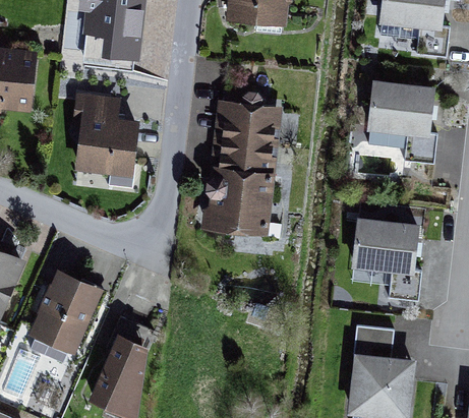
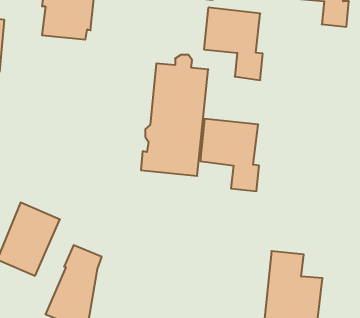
building: [367,80,437,167] -> [204,8,263,80]
building: [72,94,139,177] -> none
building: [351,217,421,303] -> [200,119,259,191]

